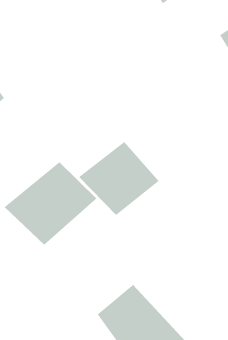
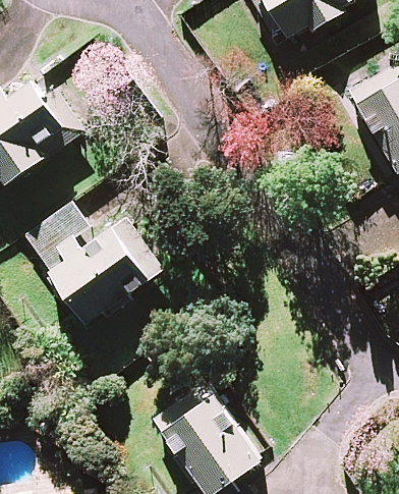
building: [78,141,159,216] -> none

